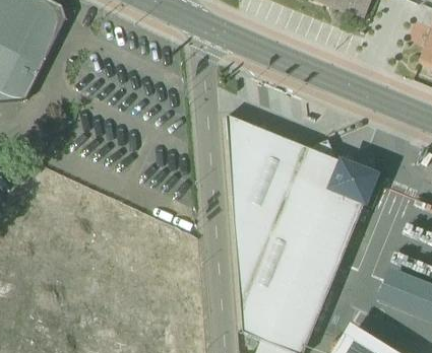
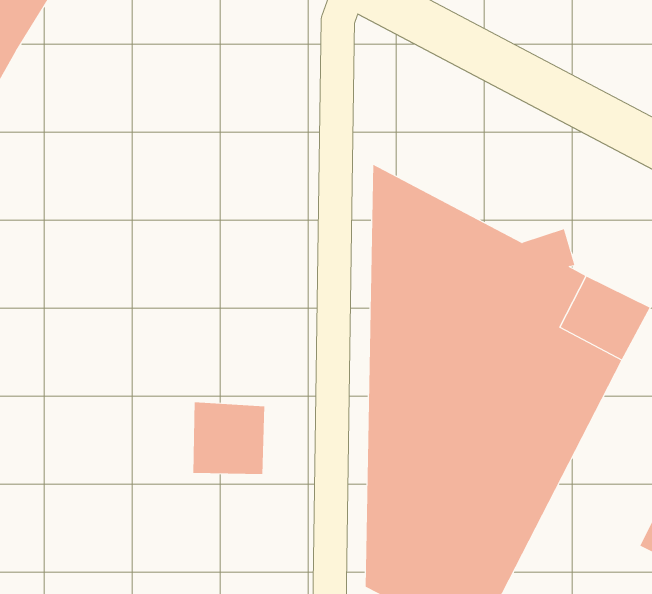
building: none -> [193,401,265,475]

